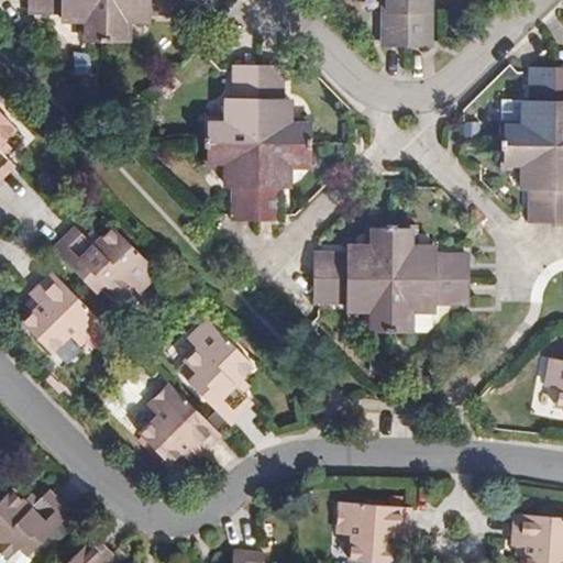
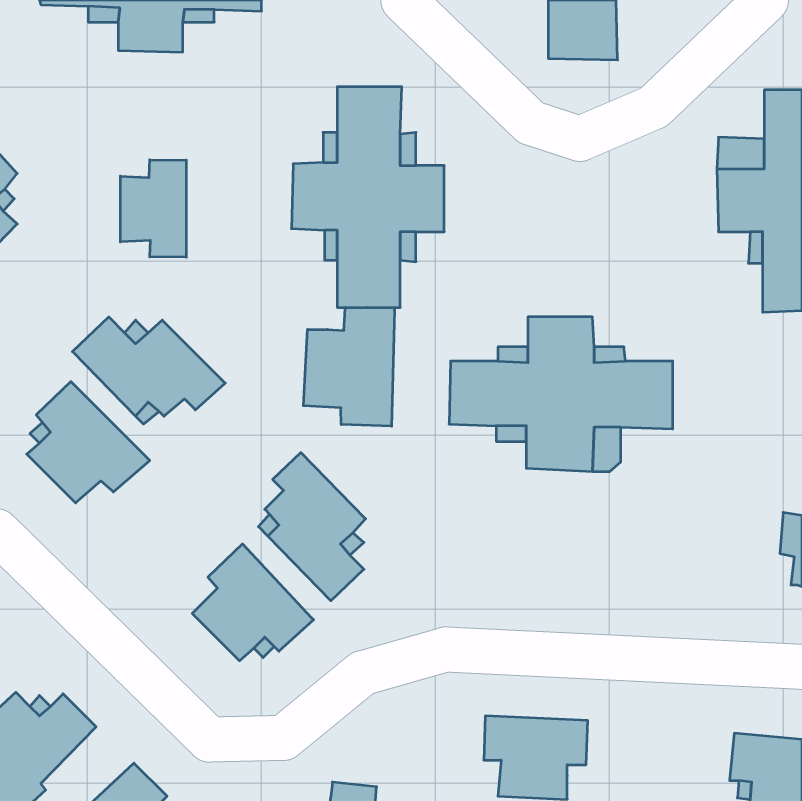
building: none -> [120,160,186,257]
building: none -> [303,307,395,426]

